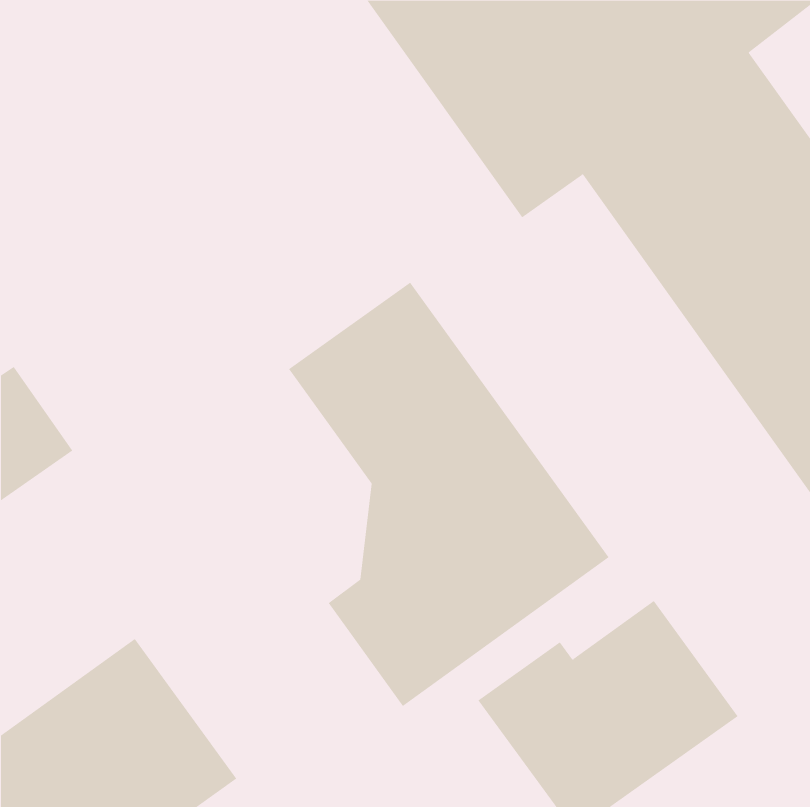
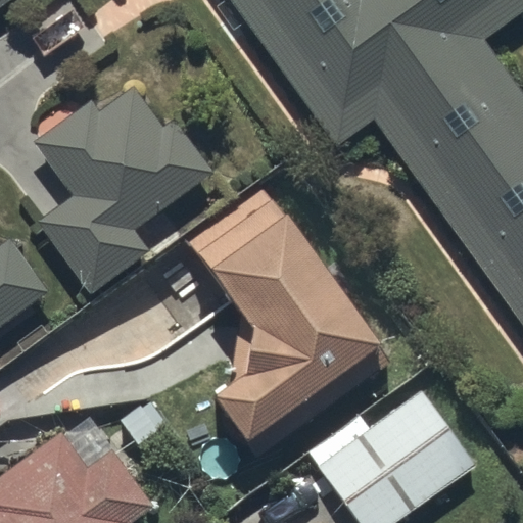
building: none -> [36,87,213,293]

